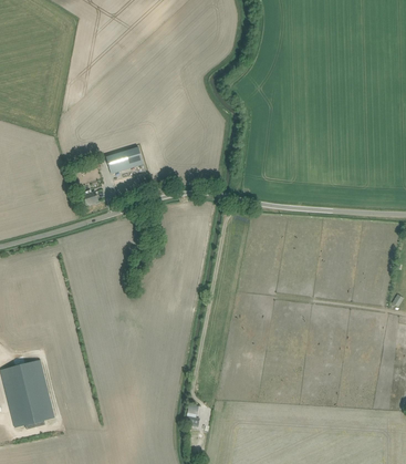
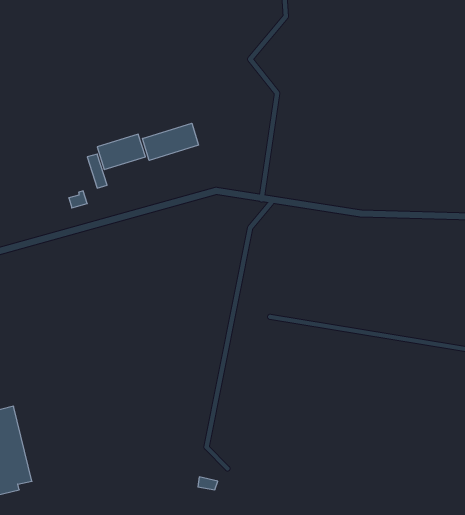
building: none -> [143,123,199,160]

